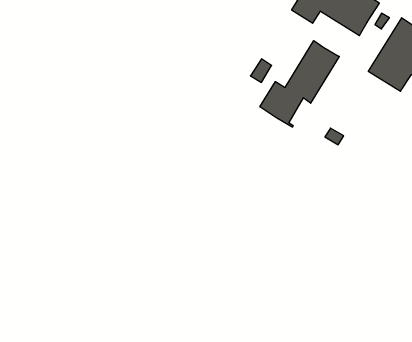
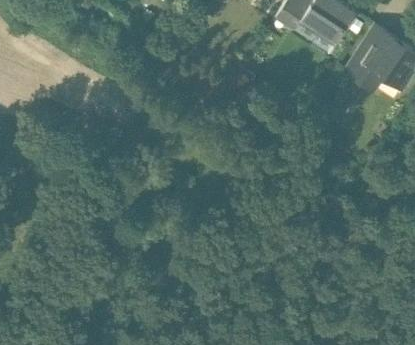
building: [260,41,339,127] -> none

